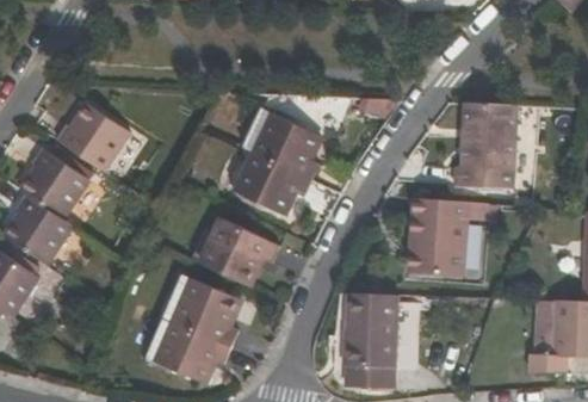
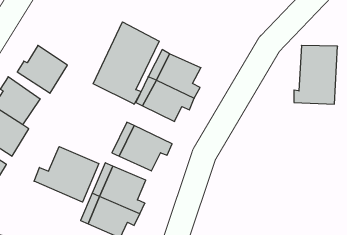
building: none -> [93,22,159,104]
building: [409,198,470,278] -> none
building: none -> [34,147,99,202]
building: [345,295,398,369] -> none

